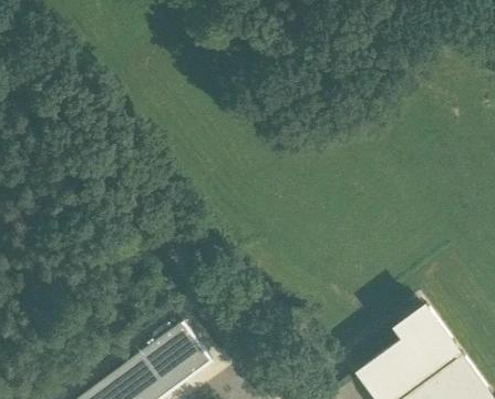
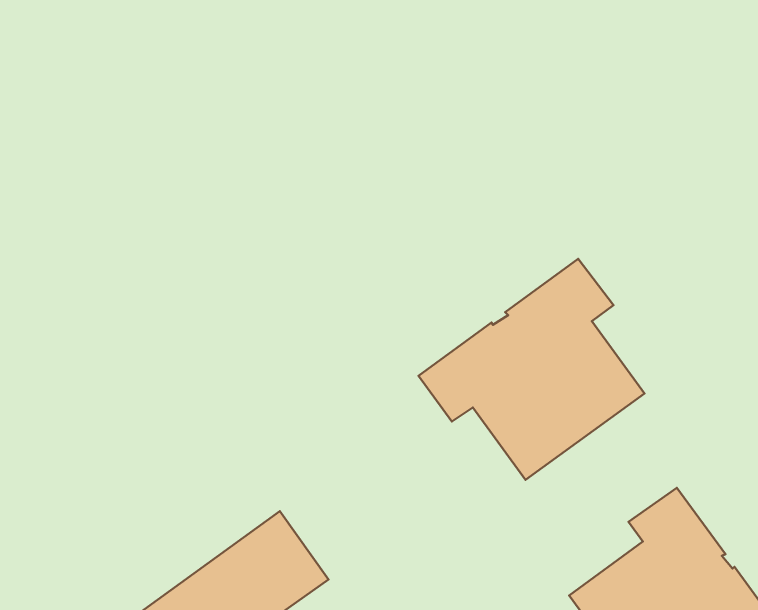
building: none -> [418,259,644,480]

